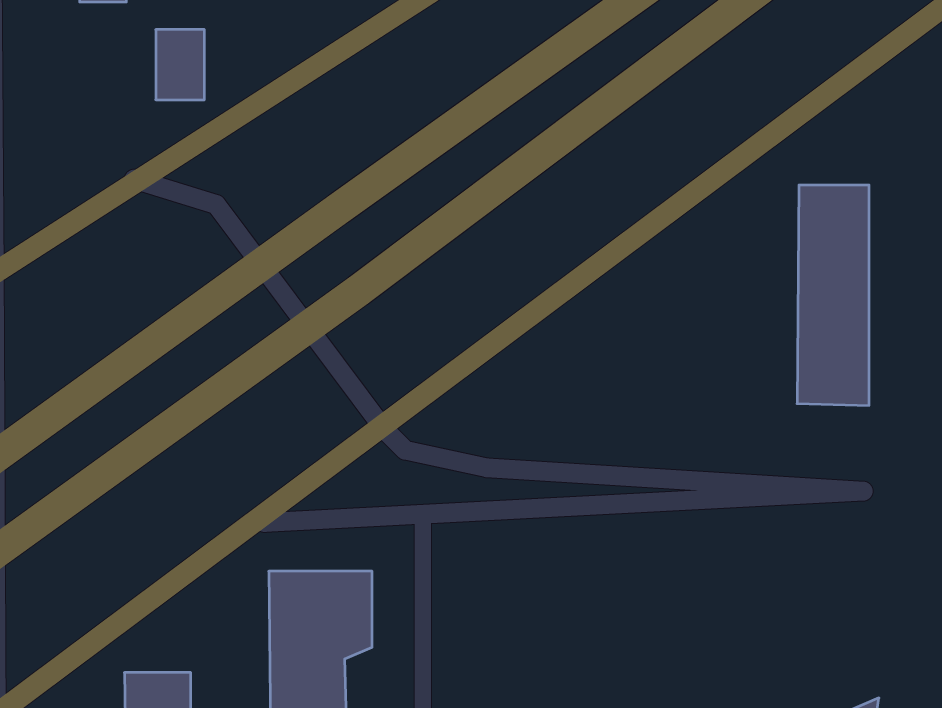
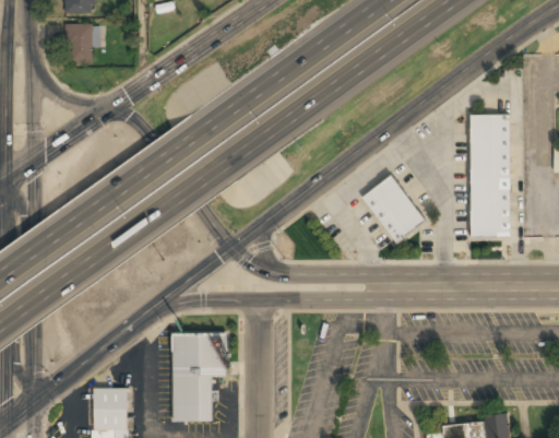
building: [156,30,204,100] -> [66,24,93,63]
building: none -> [360,176,425,245]

